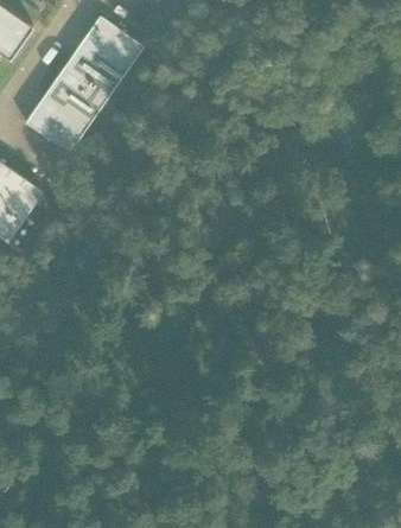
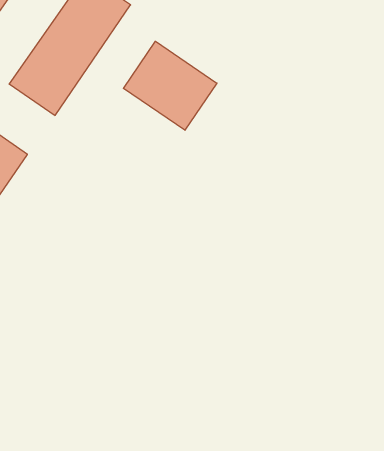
building: none -> [123,41,217,130]

